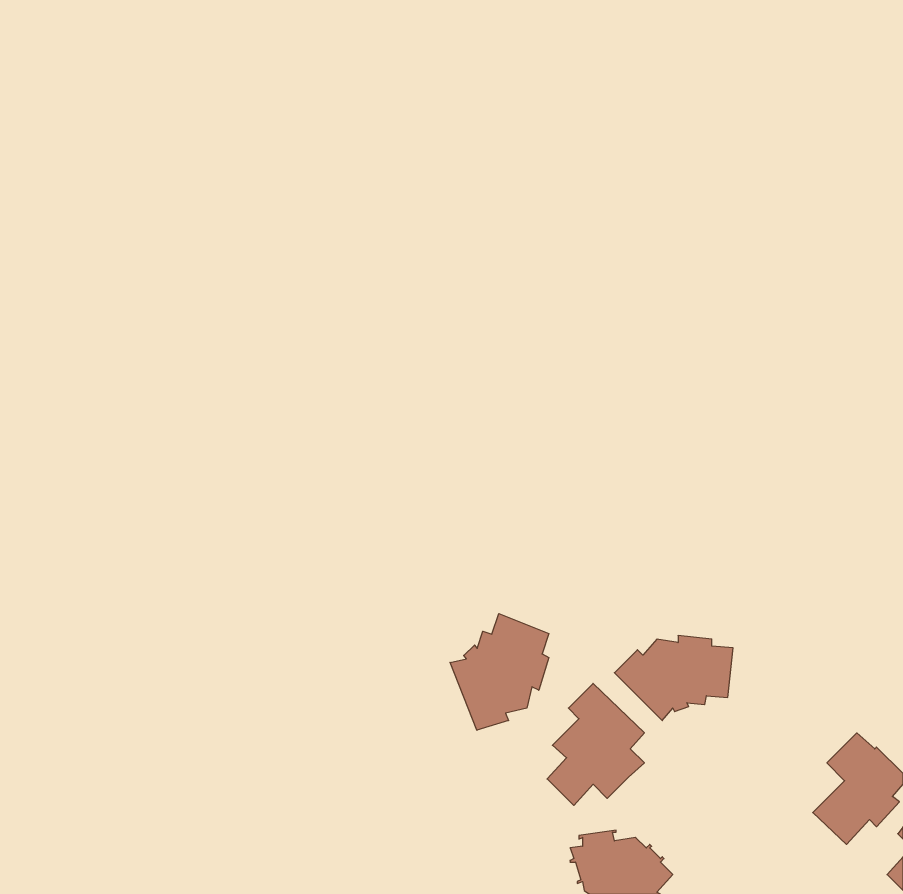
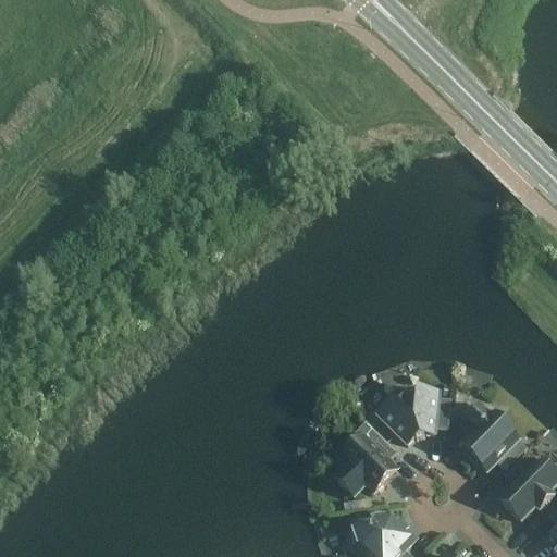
building: [450,614,549,730] -> none
building: none -> [459,405,525,469]

